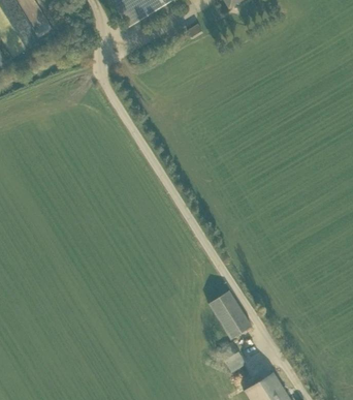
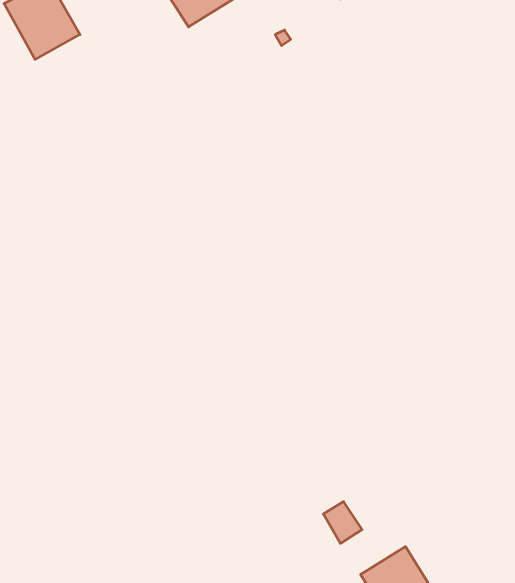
building: [207,289,251,338] -> none

